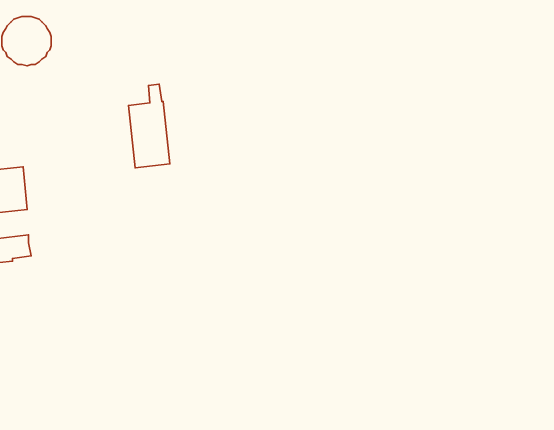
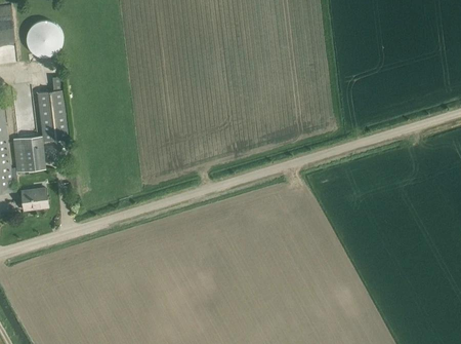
building: [129,84,170,168] -> [35,76,67,141]

